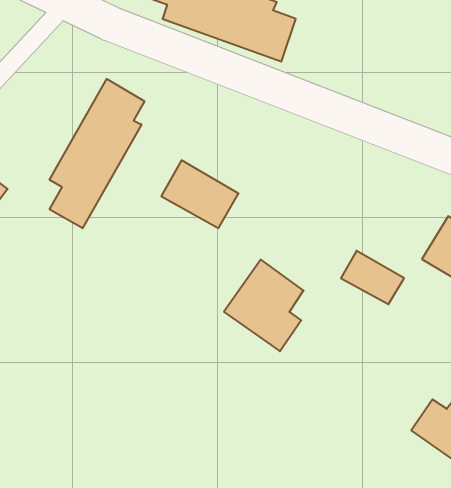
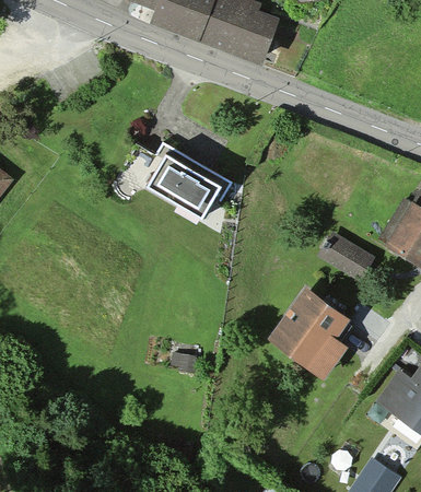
building: [50,79,144,228] -> none
building: [224,260,304,351] -> [274,288,348,372]

